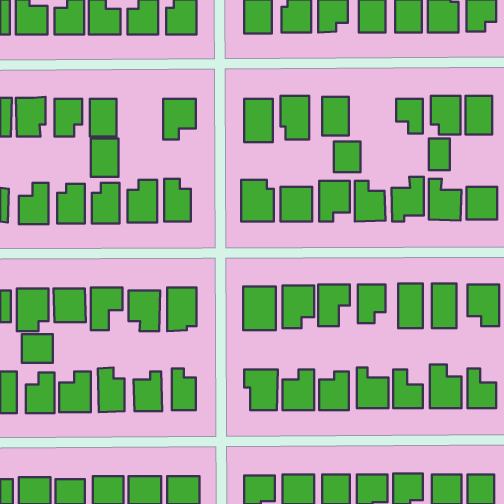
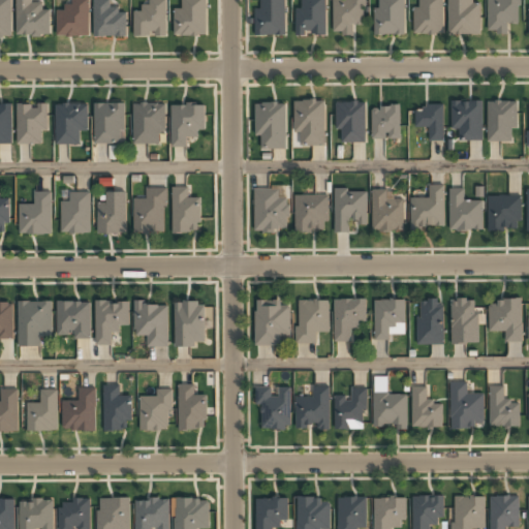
building: [91,138,118,177] -> [134,103,163,144]
building: [429,139,450,170] -> none
building: [334,141,360,172] -> [372,105,400,137]
building: [22,334,53,363] -> none

